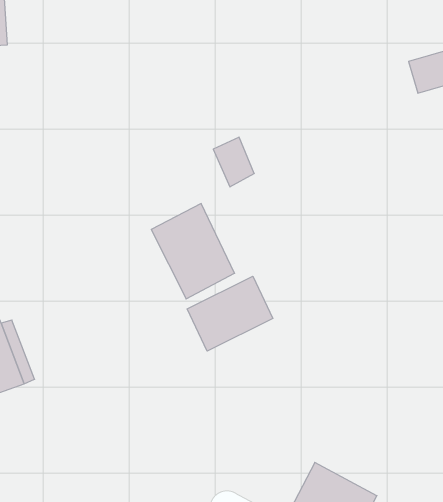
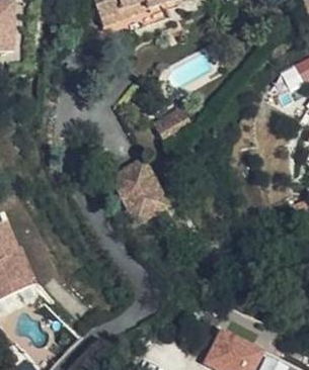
building: [187,276,273,351] -> none

